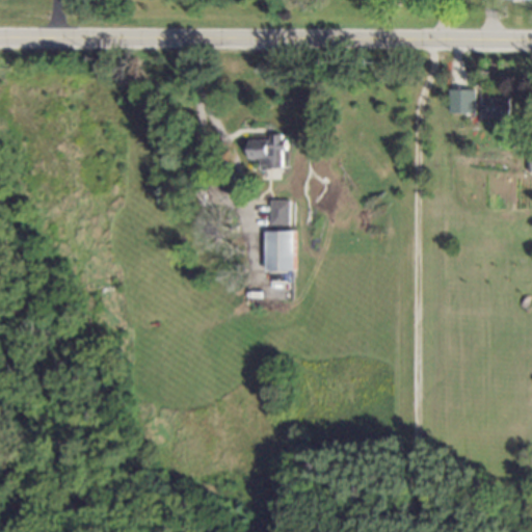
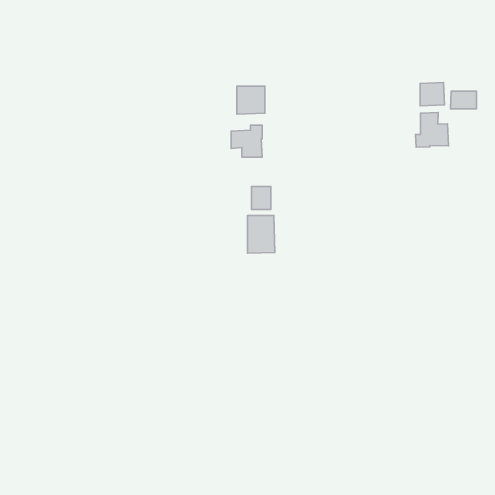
building: none -> [237,86,265,114]
building: none -> [416,113,449,147]

